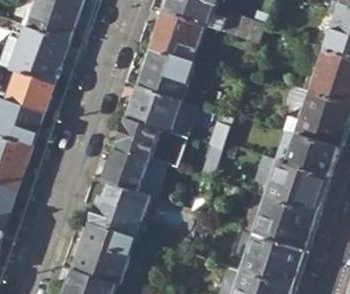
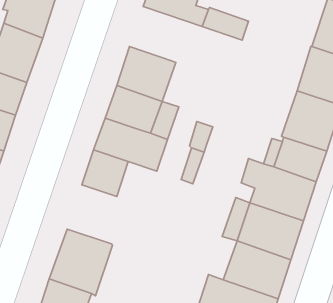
building: [149,11,203,63] -> none
building: [90,180,147,236] -> none

